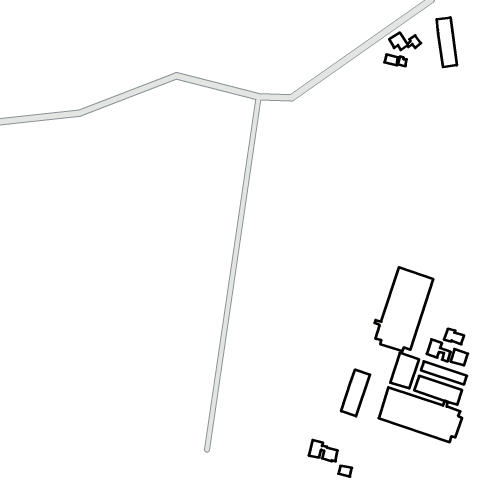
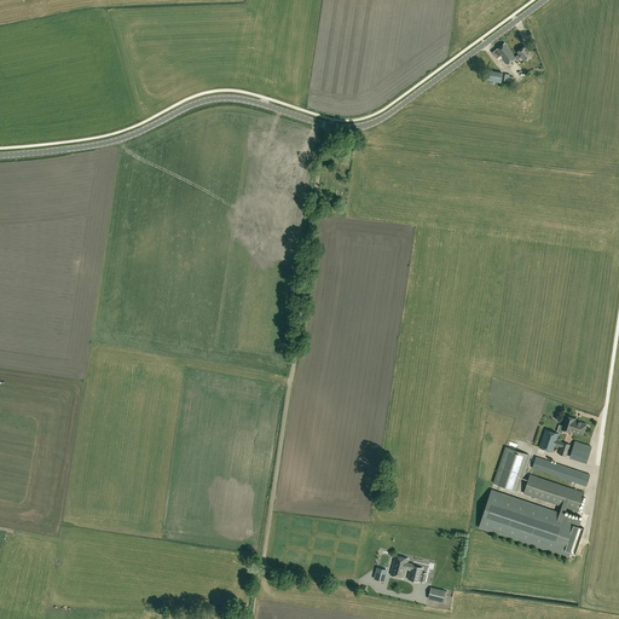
building: [437,17,457,67] -> none
building: [375,267,433,351] -> none
building: [341,370,370,416] -> none

